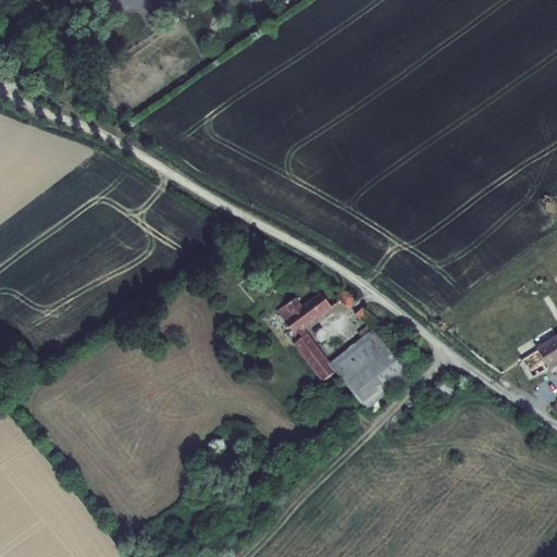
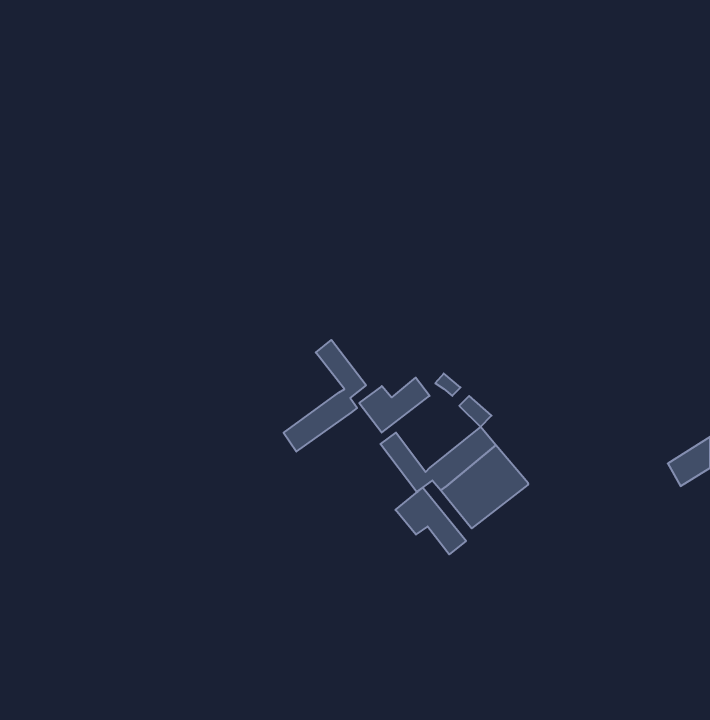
building: none -> [284,340,366,452]
building: none -> [395,488,466,554]

